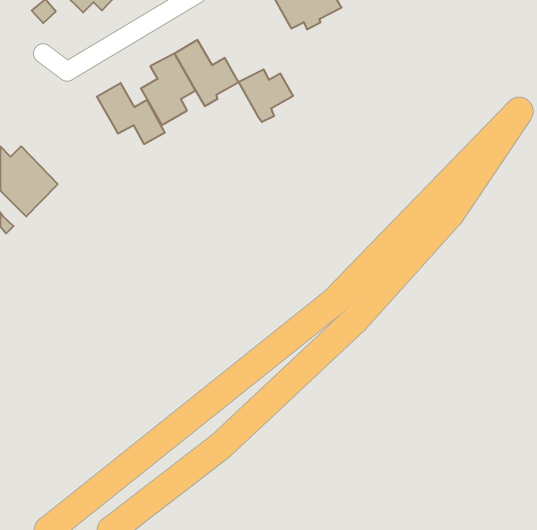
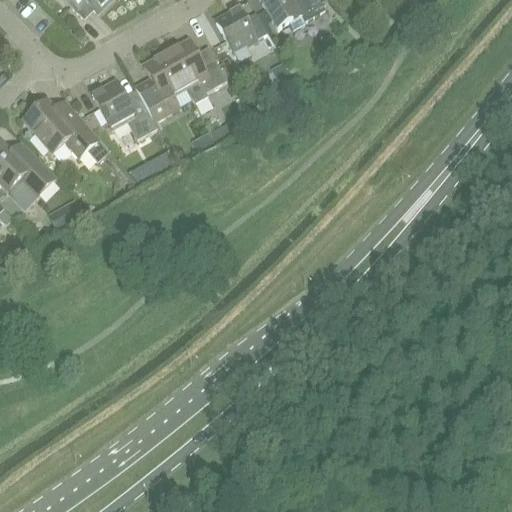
building: [239,69,293,122] -> [215,6,267,56]
building: none -> [25,98,99,155]

